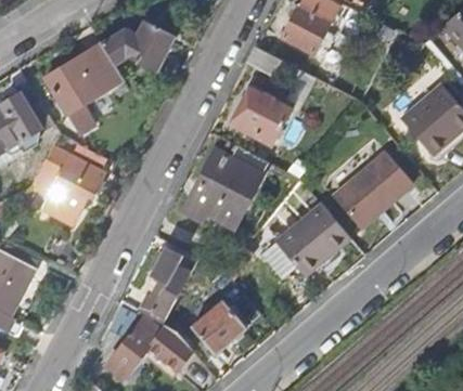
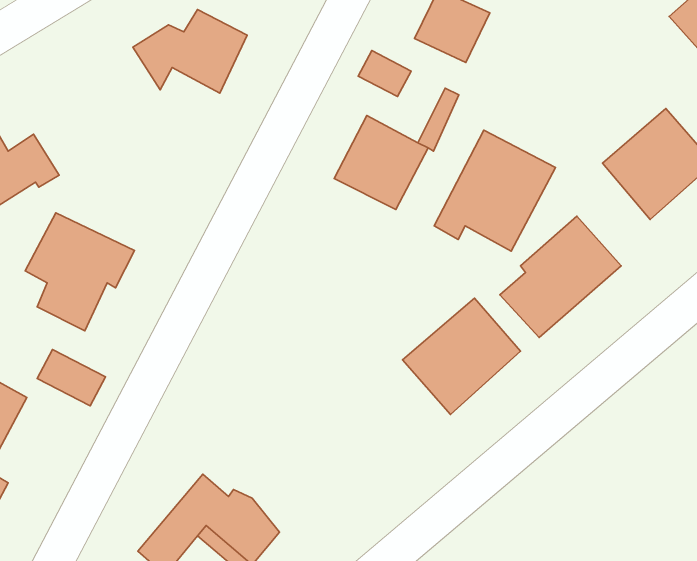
building: [44,43,130,129] -> none
building: [187,149,263,226] -> [434,130,556,251]
building: [140,247,189,323] -> none
building: [193,301,246,354] -> none

